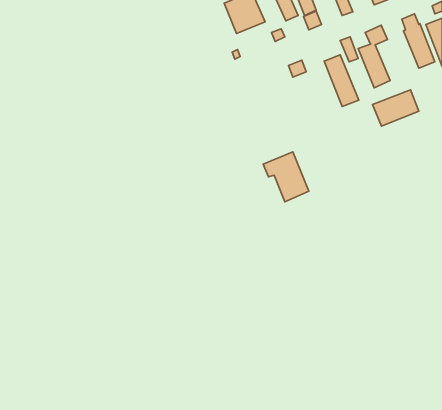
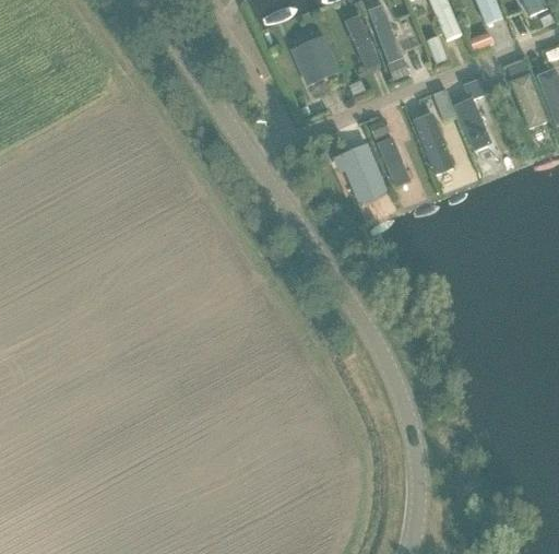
building: none -> [377,135,412,186]
building: [373,90,419,126] -> none
building: [263,152,309,202] -> [332,141,388,202]

